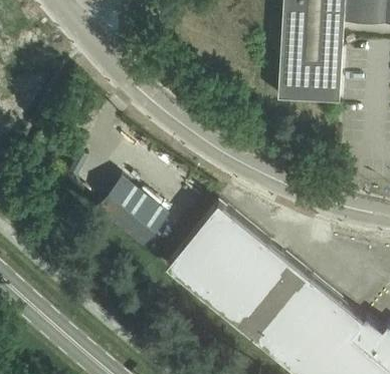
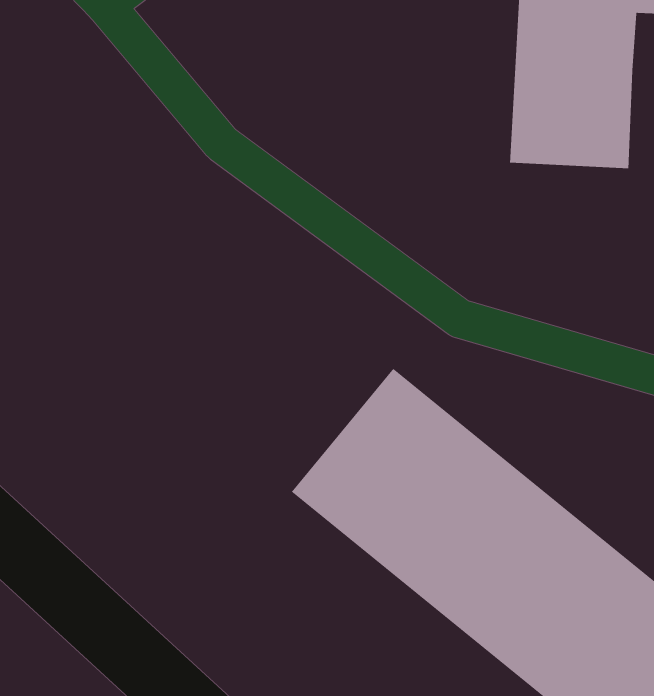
building: [96,177,169,247] -> none

